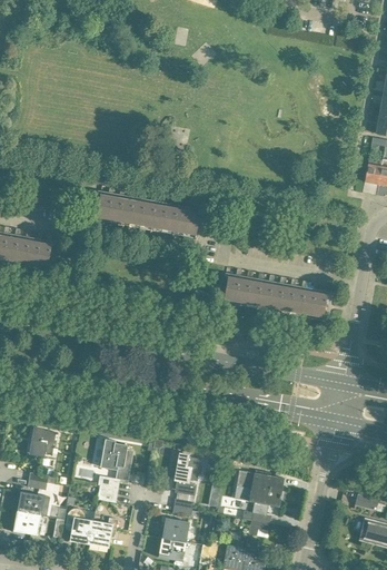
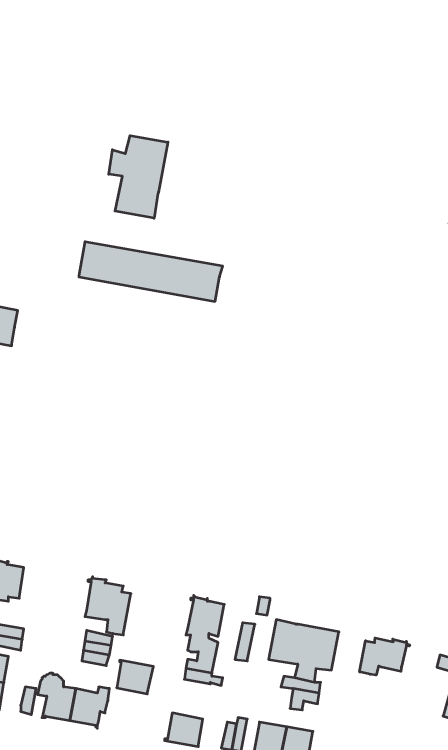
building: none -> [109,136,168,218]
building: [222,275,327,320] -> none
building: none -> [360,638,410,675]
building: [163,517,190,541] -> [117,660,153,694]

